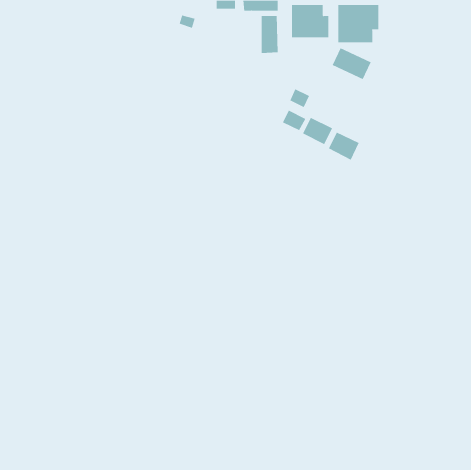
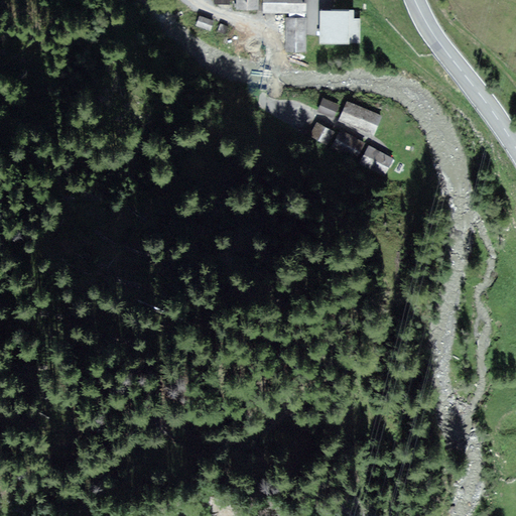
building: [338,4,379,43] -> none
building: [332,48,371,80] -> [338,100,381,135]

